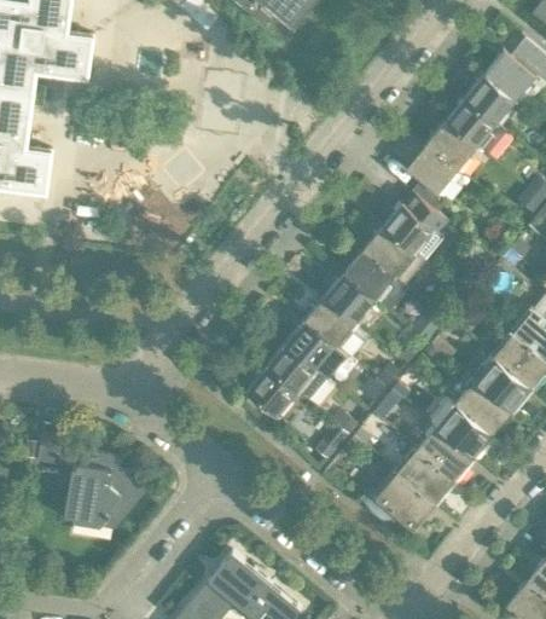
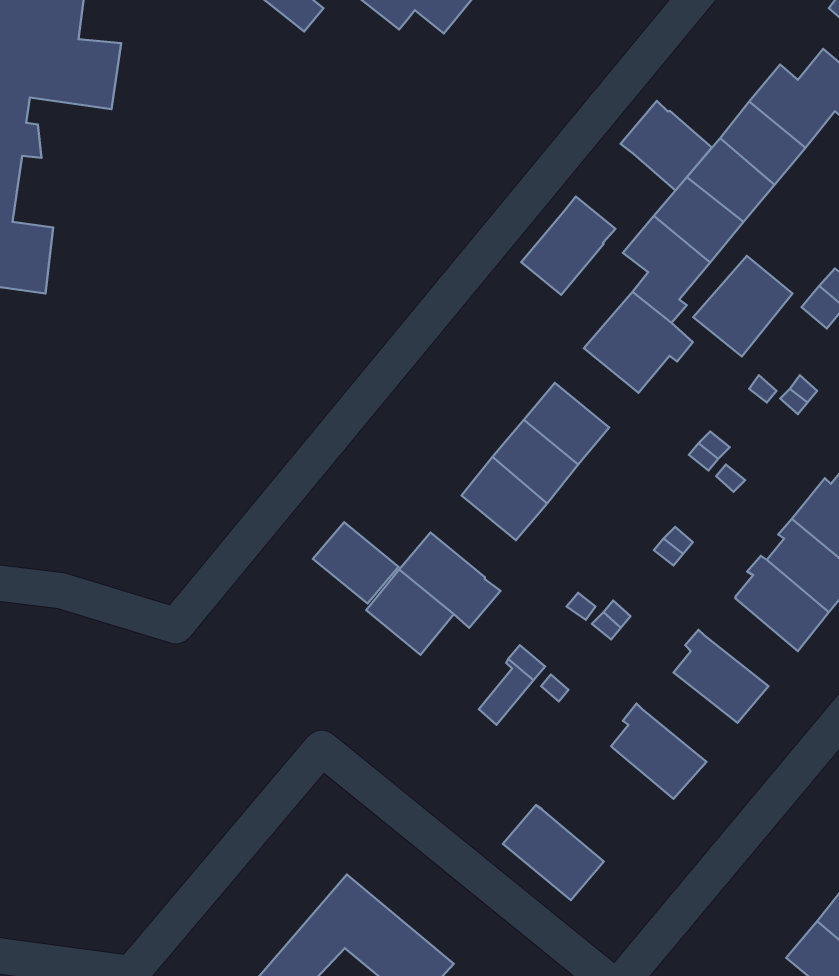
building: none -> [621,101,712,190]
building: none -> [521,196,616,295]
building: none -> [693,256,793,357]
building: [362,226,414,276] -> none
building: [285,318,338,369] -> [313,522,398,604]
building: [455,378,513,436] -> none
building: [417,424,476,484] -> none
building: [37,432,151,531] -> none
building: [373,472,436,531] -> [503,805,604,900]

